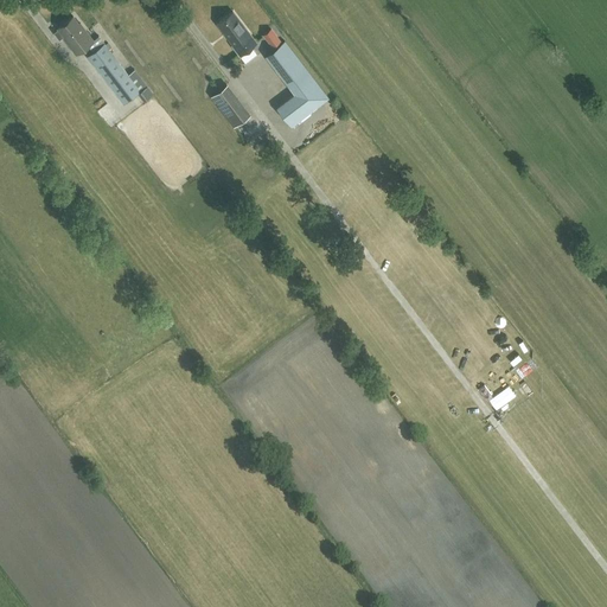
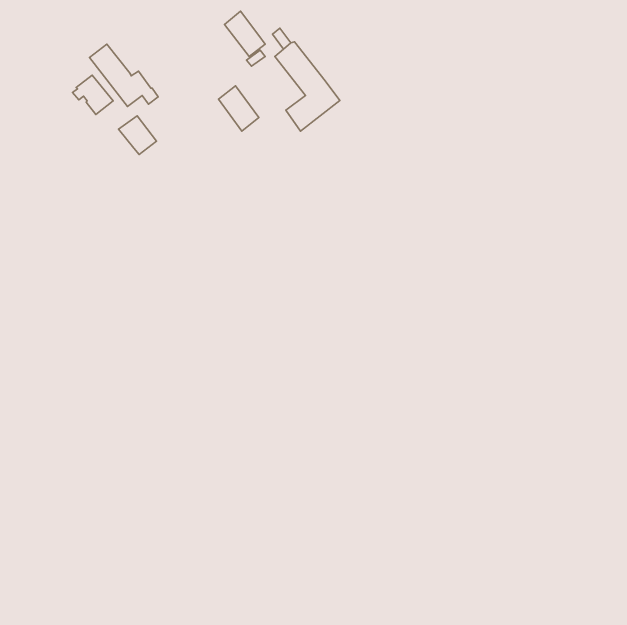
building: [53,17,92,55] -> [73,75,113,114]
building: none -> [119,116,157,154]

